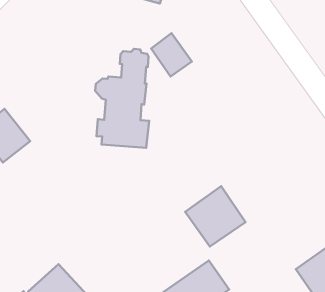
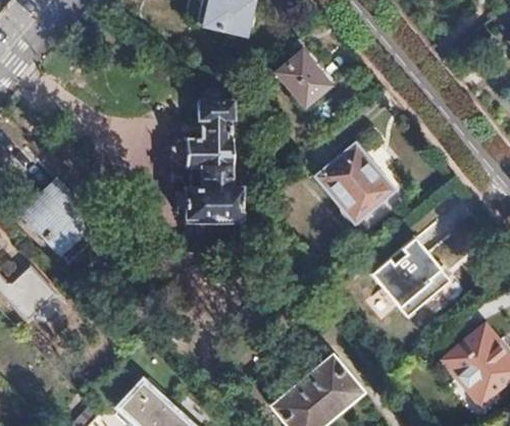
building: [151,33,192,77] -> [278,53,332,108]
building: none -> [318,146,393,222]
building: [185,186,246,247] -> [372,238,450,316]

